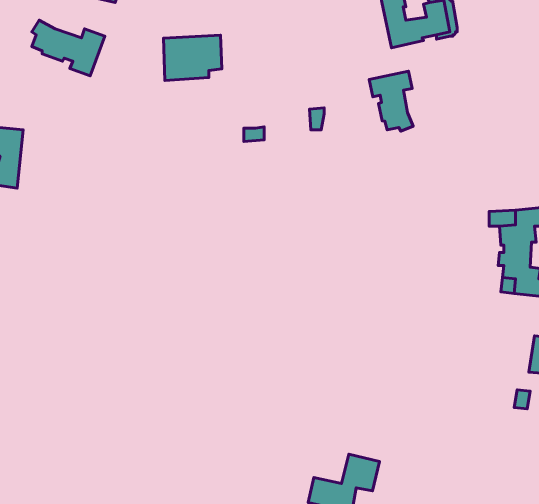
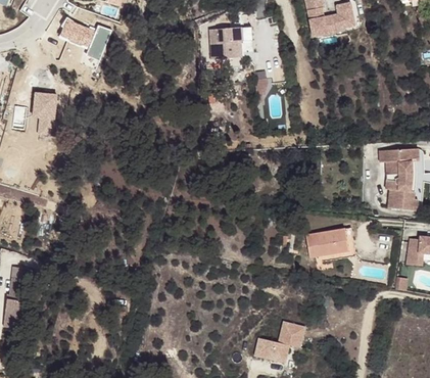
building: [163,35,222,81] -> [210,26,251,57]
building: [369,71,413,131] -> none
building: none -> [306,227,348,254]

